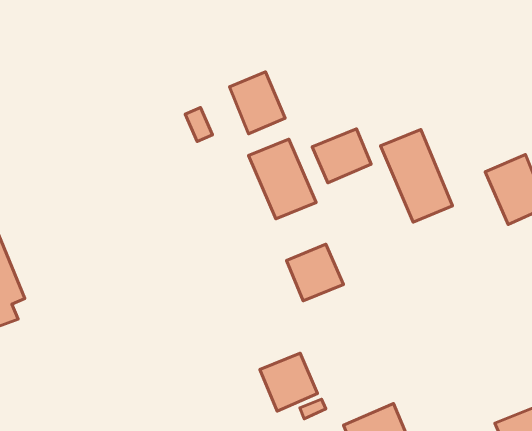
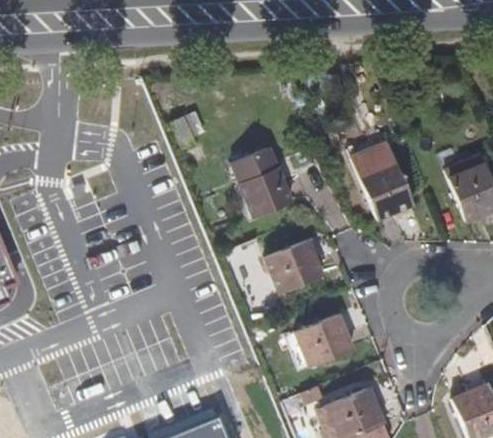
building: [229,72,285,134] -> none
building: [312,129,371,183] -> none
building: [260,353,318,411] -> [296,313,349,366]

